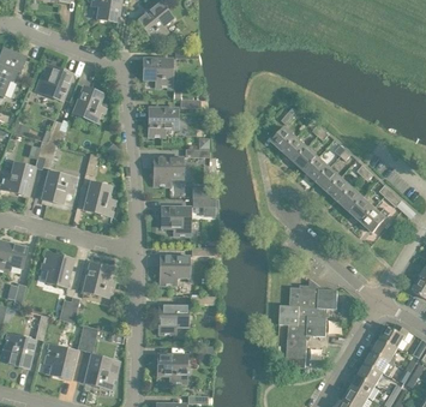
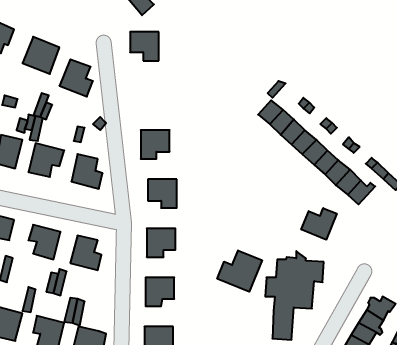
building: [146,108,176,137] -> none
building: none -> [301,208,337,240]
building: none -> [217,250,262,292]

